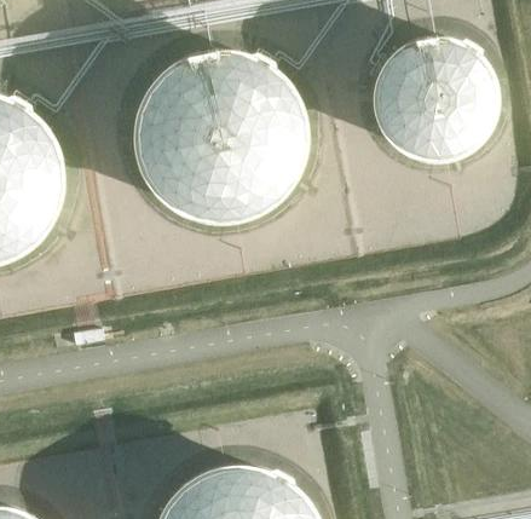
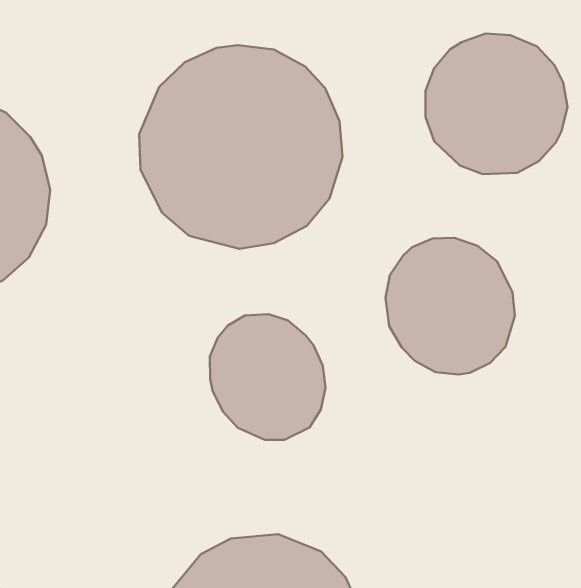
building: none -> [386,238,515,374]
building: none -> [210,314,325,440]

